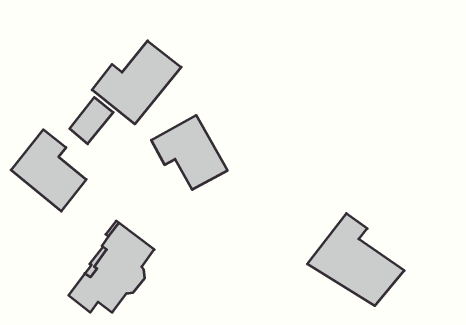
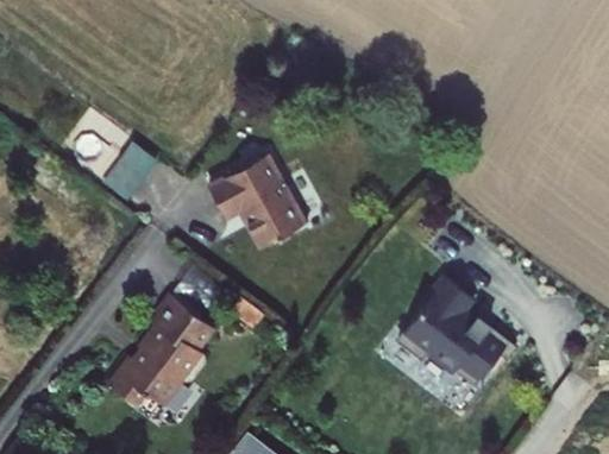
building: [92,41,181,124] -> none
building: [11,130,86,211] -> none

